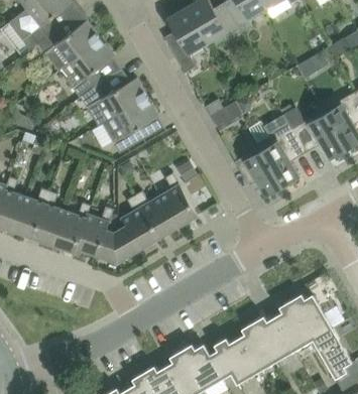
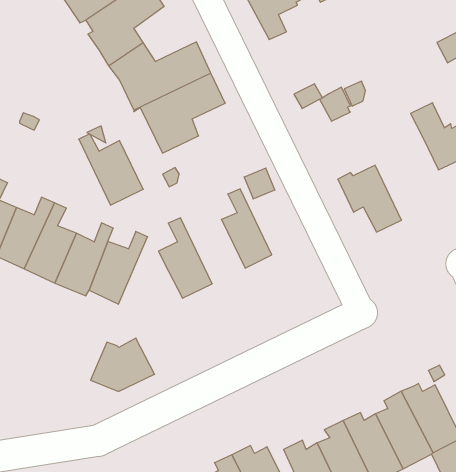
building: [256,115,304,186] -> none
building: [134,191,180,238] -> [79,134,143,205]
building: [97,226,139,262] -> [91,338,155,391]

